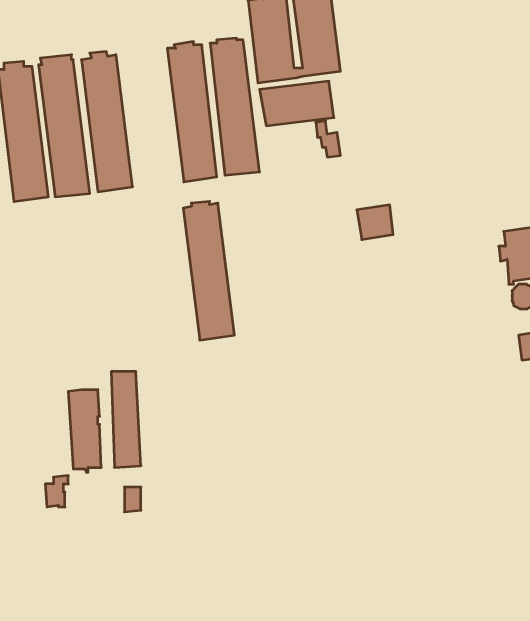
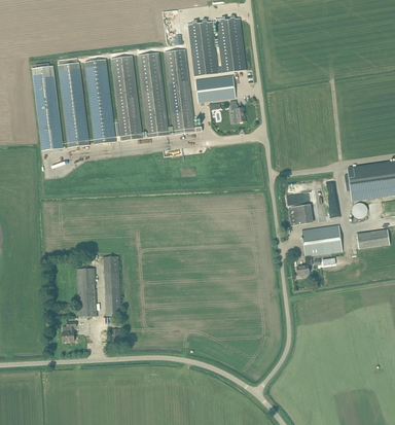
building: [183,201,234,340] -> [111,55,143,141]
building: [357,205,393,240] -> [288,204,311,225]
building: none -> [297,224,343,275]

